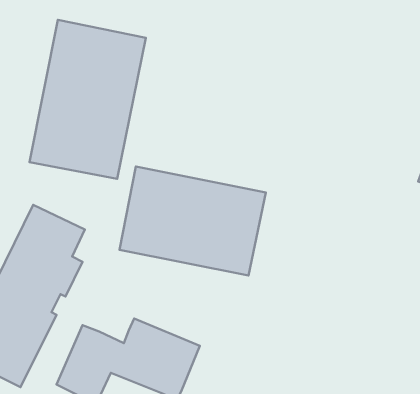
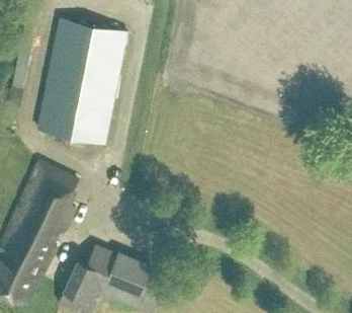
building: [120,166,266,275] -> none

